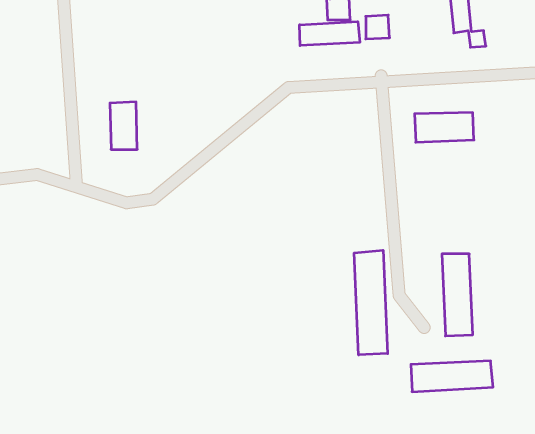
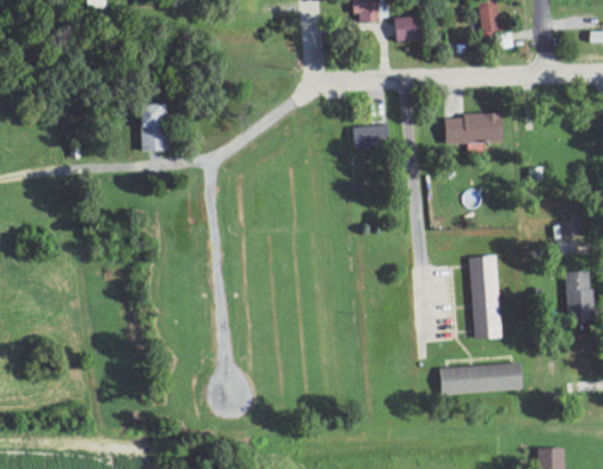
building: [300,22,360,46] -> none
building: none -> [353,125,392,149]
building: [354,250,388,355] -> none

